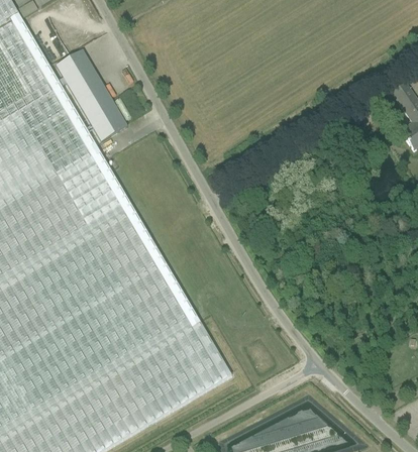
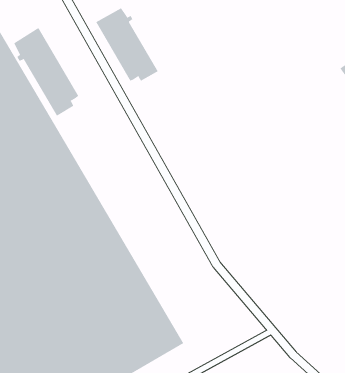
building: none -> [95,8,158,81]

